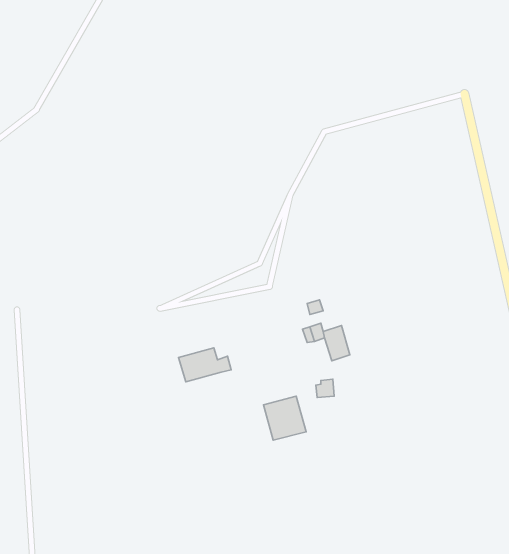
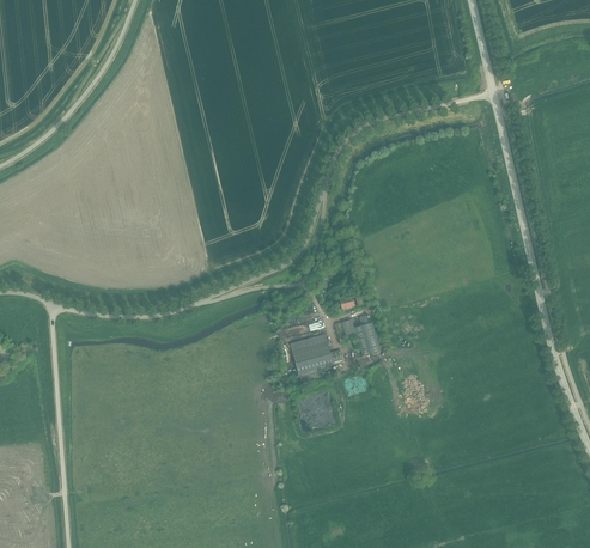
building: [179,348,231,382] -> [292,340,343,373]

